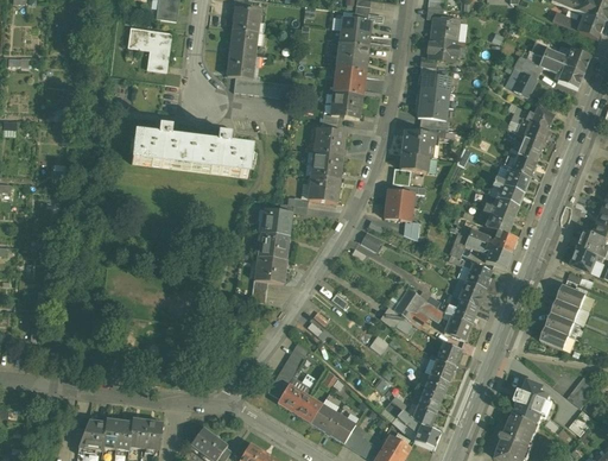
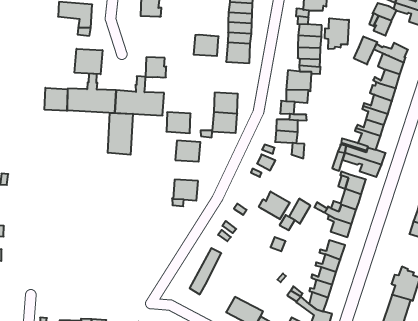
building: [227,52,253,78] -> [146,57,166,78]
building: none -> [325,18,349,49]
building: none -> [75,49,102,74]
building: none -> [354,36,377,65]
building: [314,128,346,156] -> [194,35,219,56]
building: none -> [45,88,68,111]
building: none -> [108,113,133,155]
building: [258,232,289,259] -> [166,112,191,133]
building: none -> [259,191,290,219]
building: [277,384,322,422] -> none

